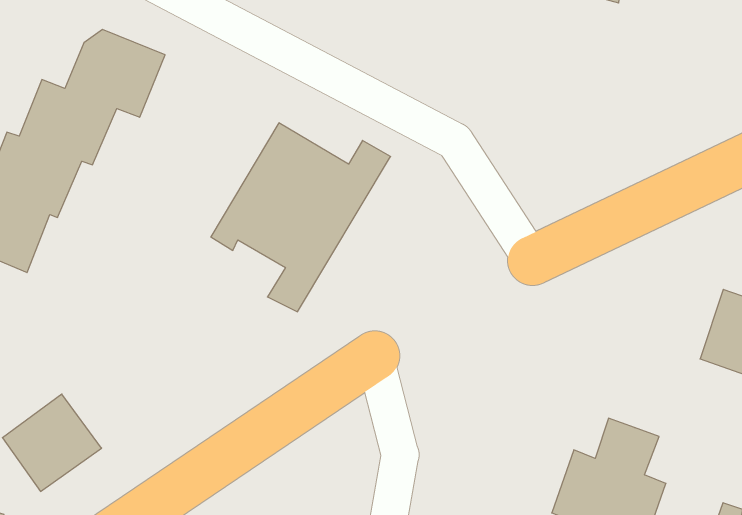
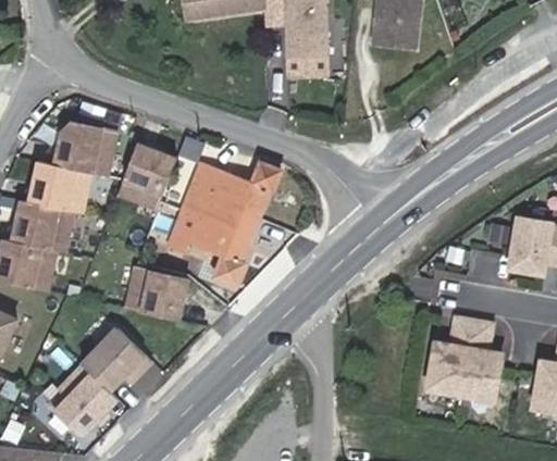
building: none -> [117,142,176,208]
building: none -> [126,267,188,320]
building: none -> [77,324,145,391]

